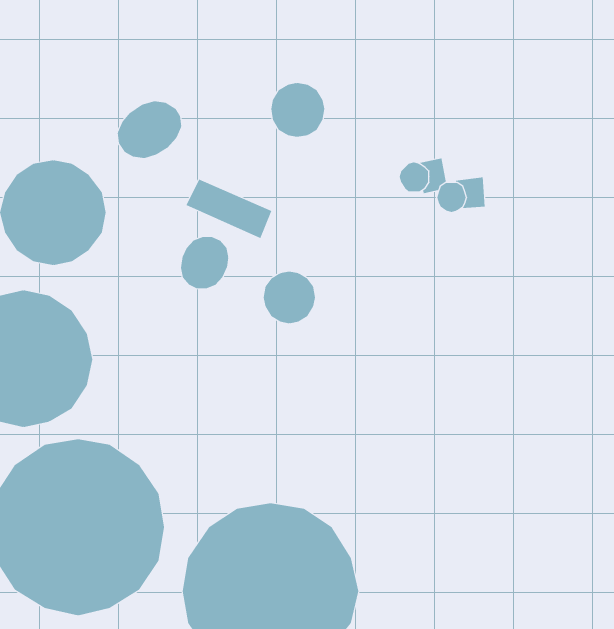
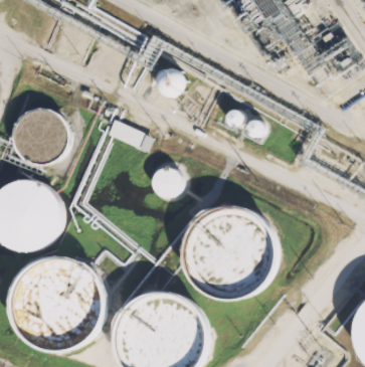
building: [117,100,182,159] -> none
building: [180,236,229,289] -> none
building: none -> [179,205,273,300]

